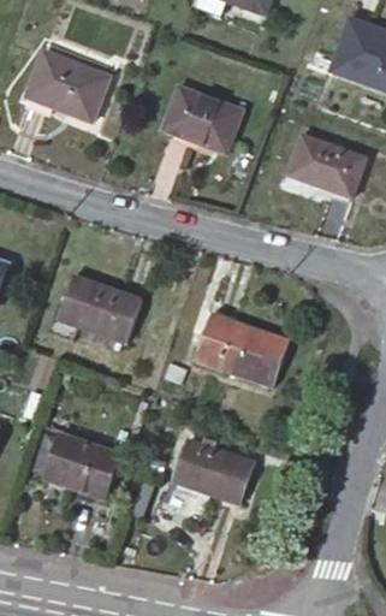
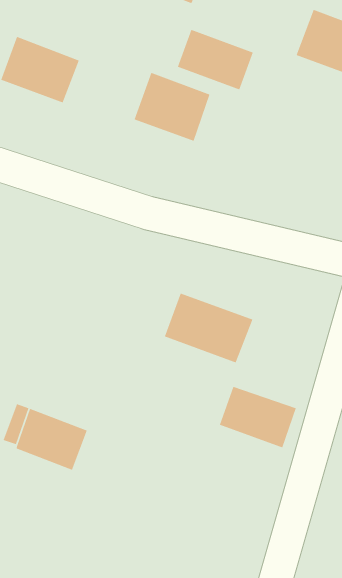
building: [287,132,367,196] -> [177,29,254,91]
building: [58,274,142,343] -> none
building: [172,439,253,504] -> [219,386,297,449]

